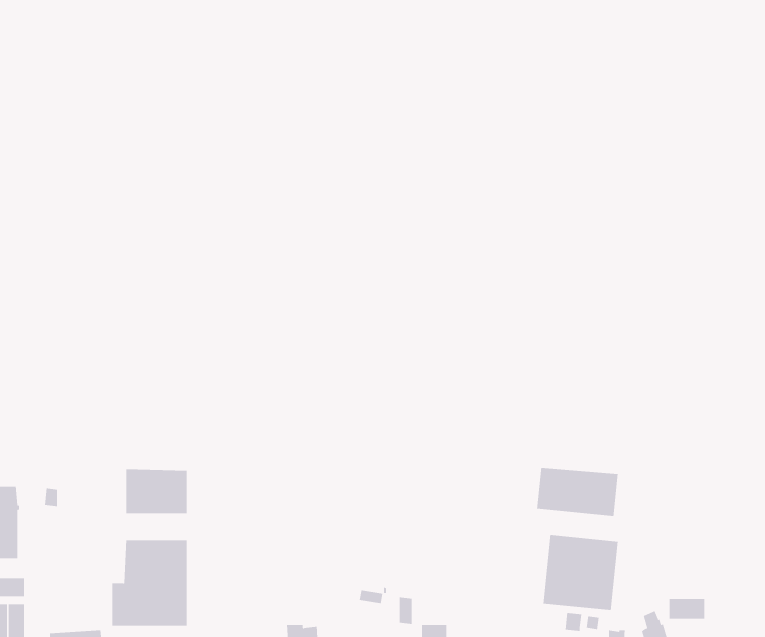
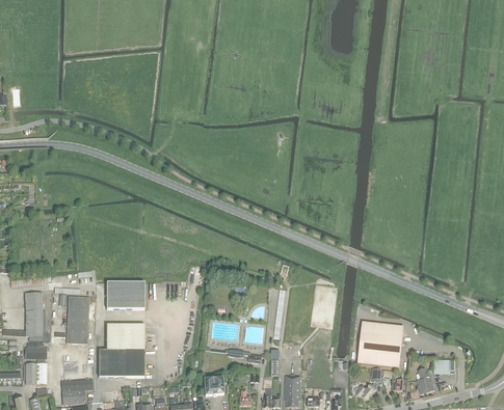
building: [537,467,618,517] -> none
building: none -> [68,296,90,344]

